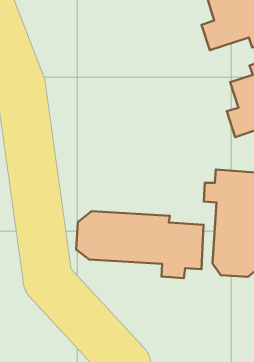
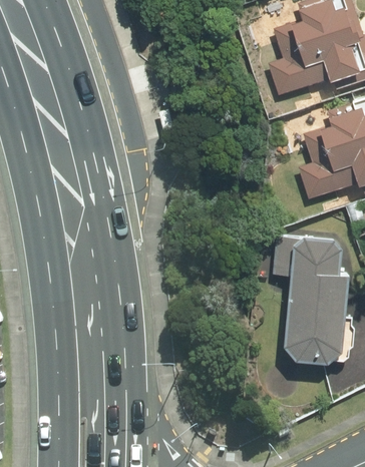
building: [76,211,203,278] -> none

